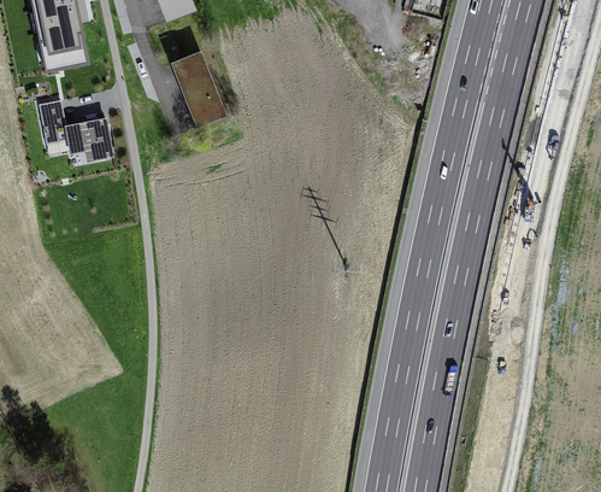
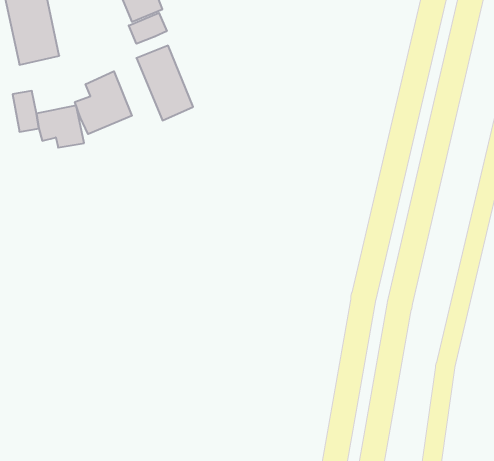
building: none -> [129,13,167,44]
building: none -> [75,71,132,134]

